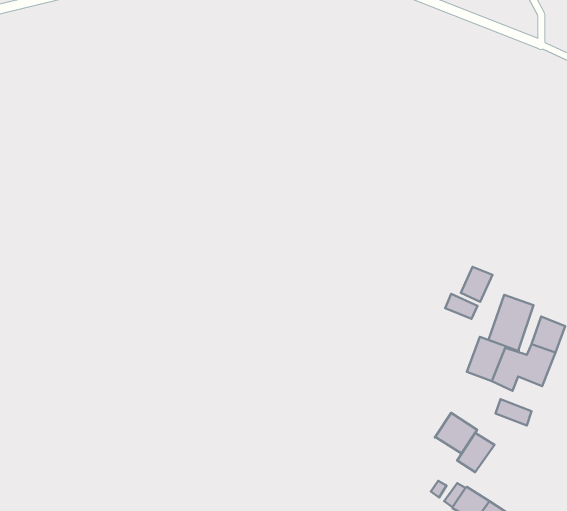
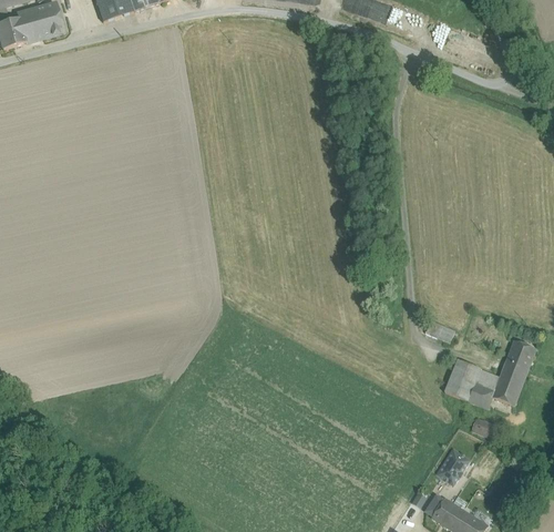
building: [461,267,492,302] -> none
building: [488,295,534,351] -> none
building: [435,413,477,454] -> none

